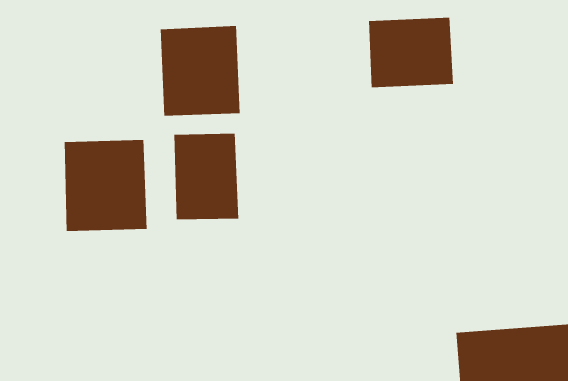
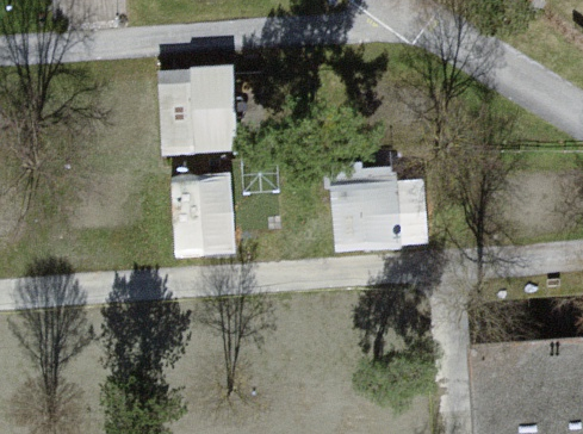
building: [368,17,454,88] -> [333,179,416,248]
building: [64,139,147,232] -> none

